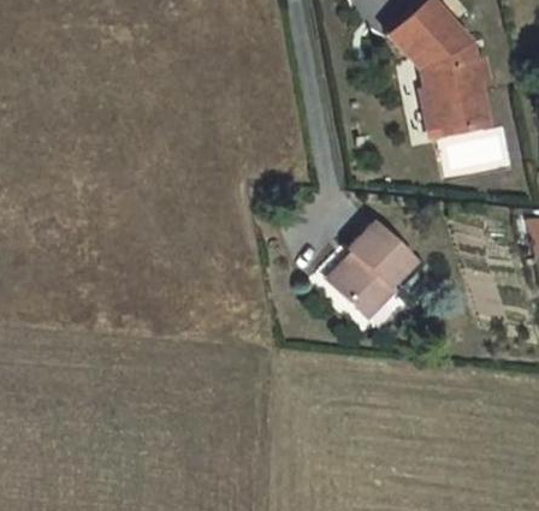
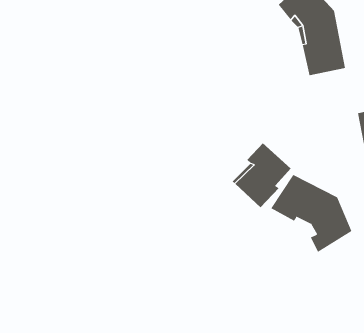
building: none -> [270,174,352,253]

